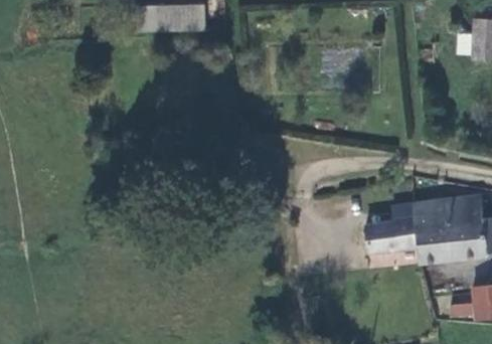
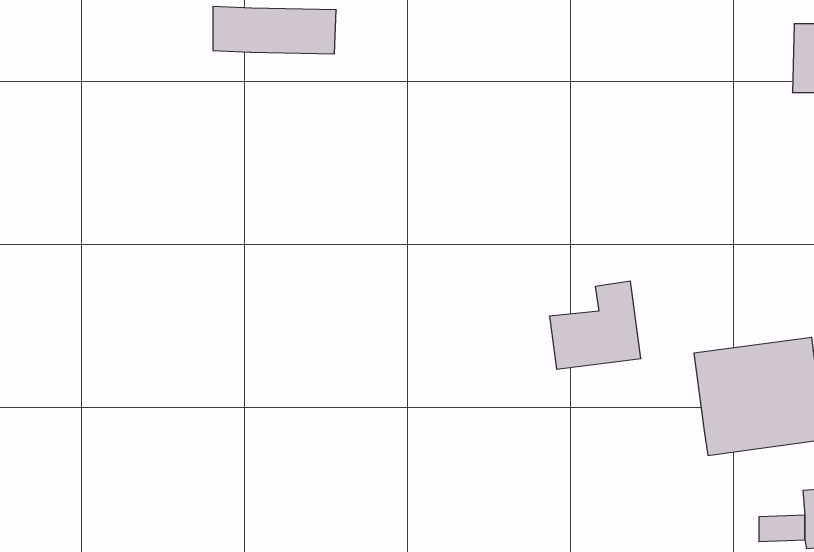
building: [368,204,421,254] -> [549,281,641,369]

